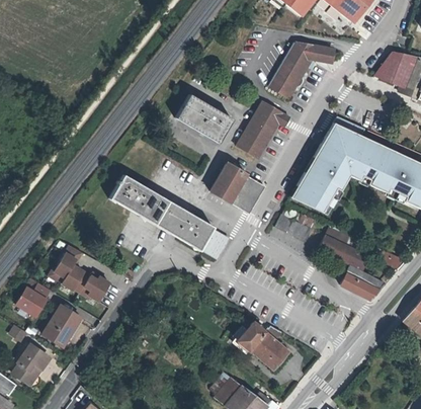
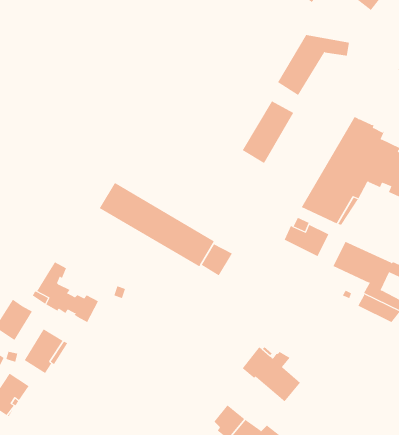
building: [176,95,232,144] -> none
building: [210,163,266,214] -> none

